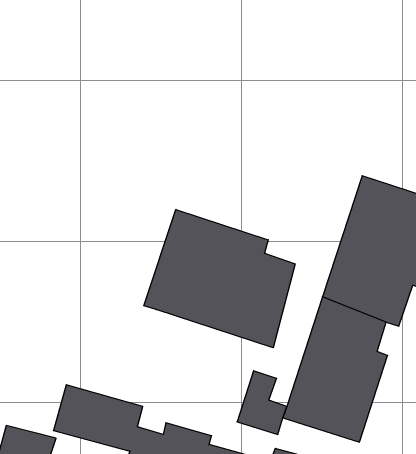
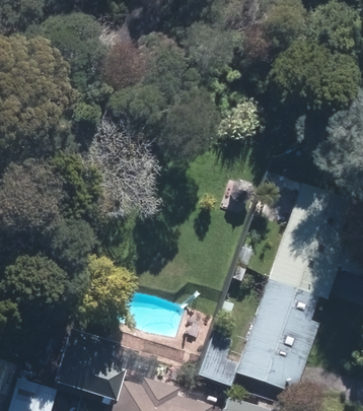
building: [144,209,295,348] -> none

